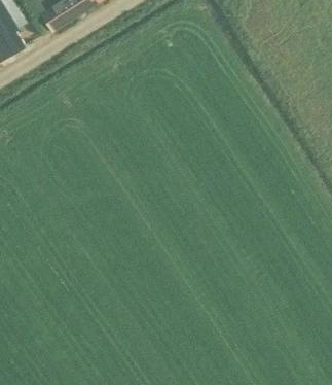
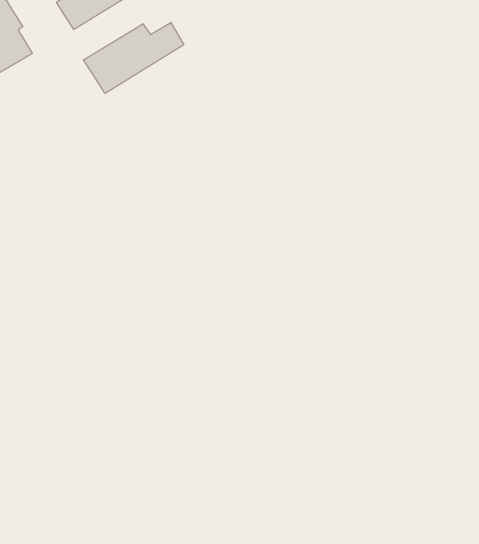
building: none -> [84,22,184,93]

